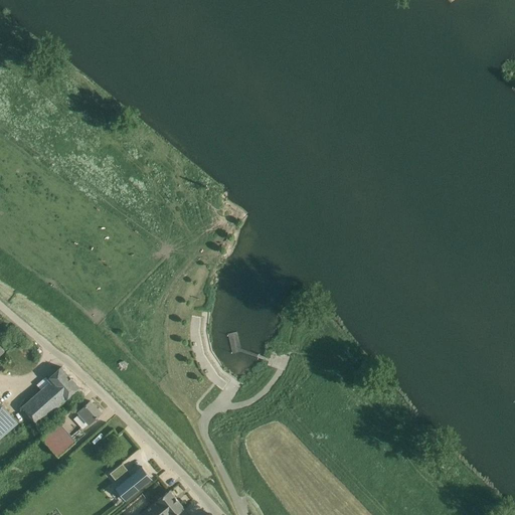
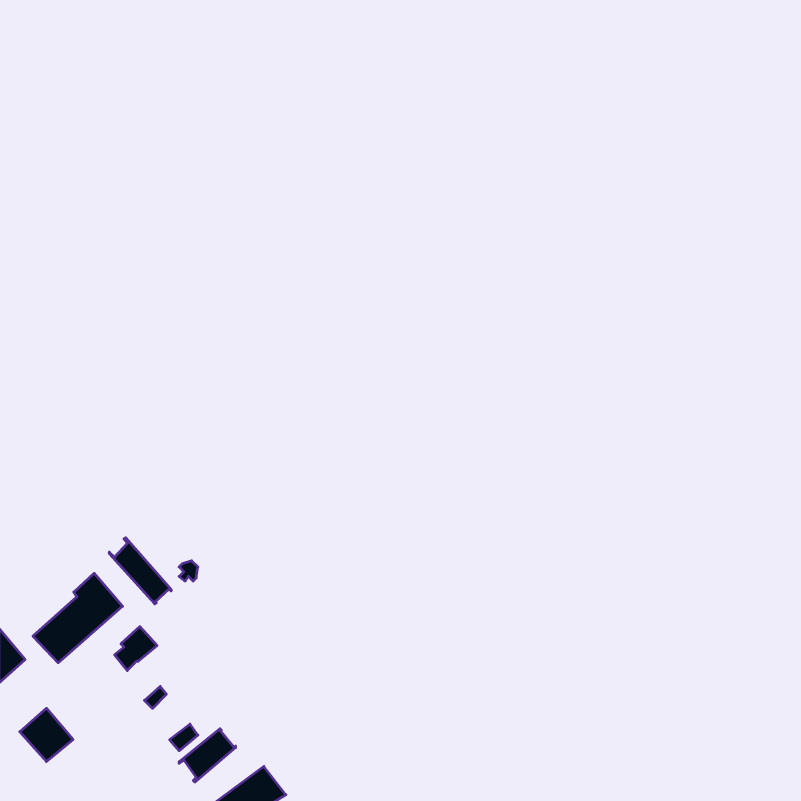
building: none -> [109,538,171,604]
building: [40,423,74,458] -> [20,708,73,762]

